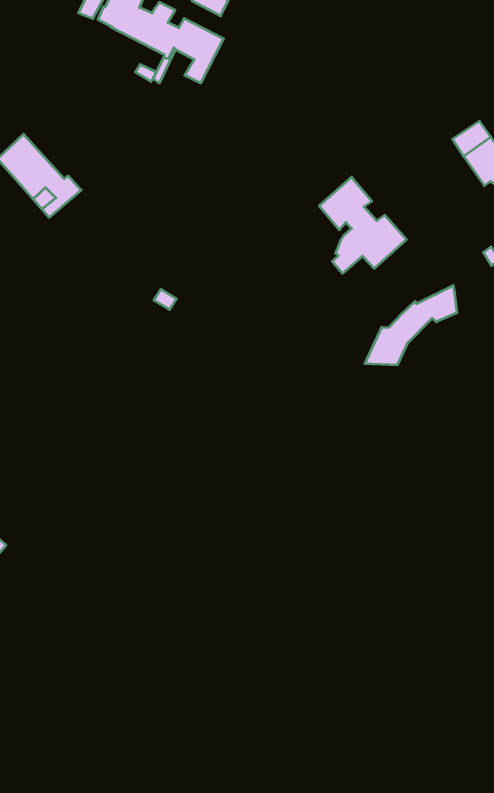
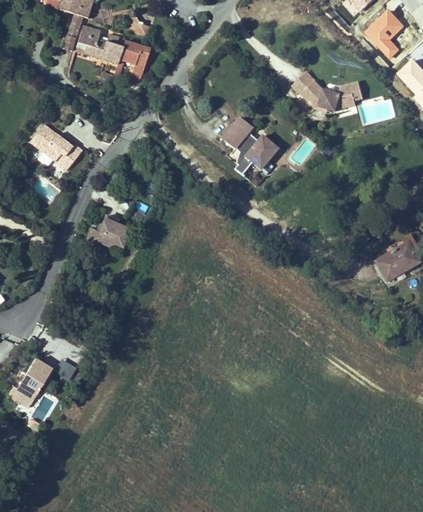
building: [365,285,457,365] -> none
building: none -> [85,215,127,247]

